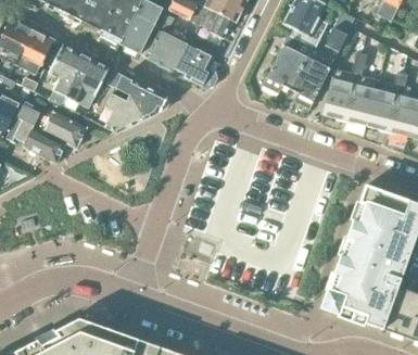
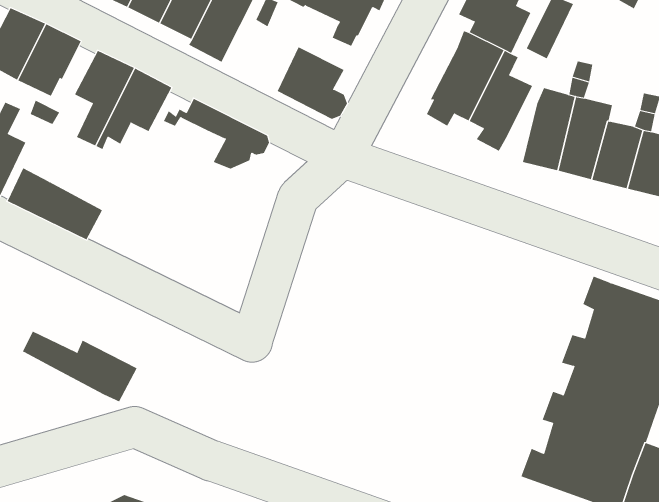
building: [145,29,187,71] -> none
building: [105,93,145,132] -> none
building: [17,104,88,148] -> [22,331,137,402]

